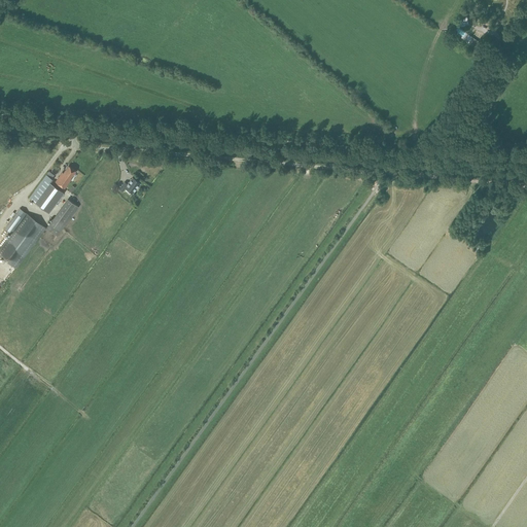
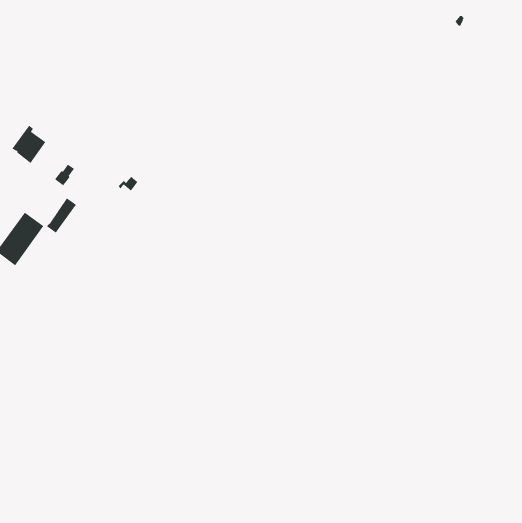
building: [28,174,63,213] -> [11,125,46,164]

